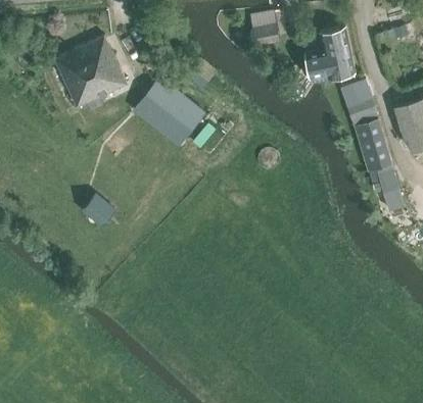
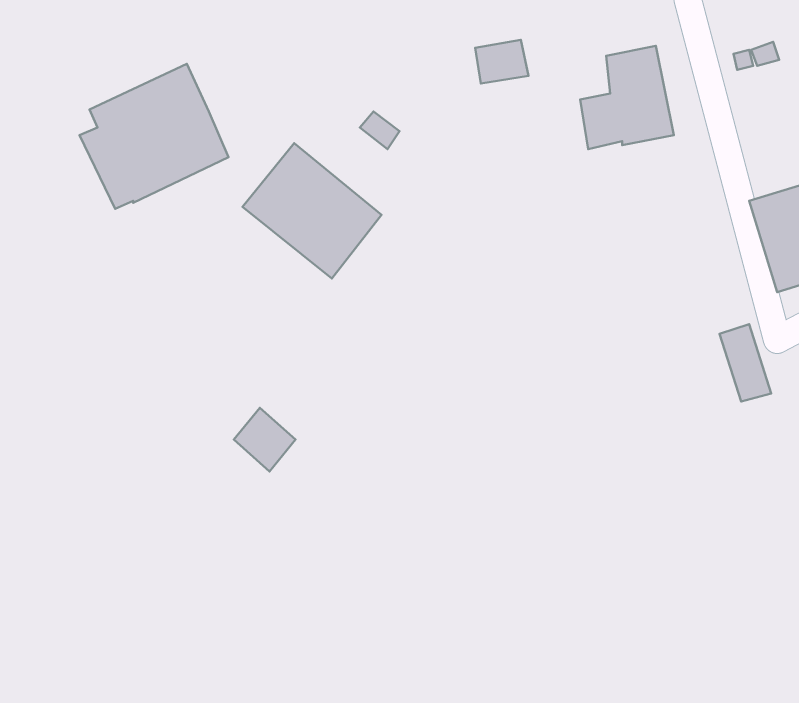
building: [341,81,377,121] -> none
building: [355,118,393,173] -> none
building: [83,195,114,228] -> [234,408,295,471]

